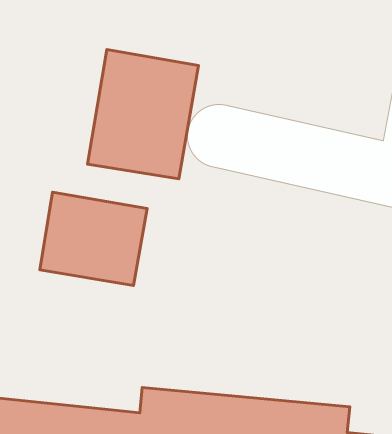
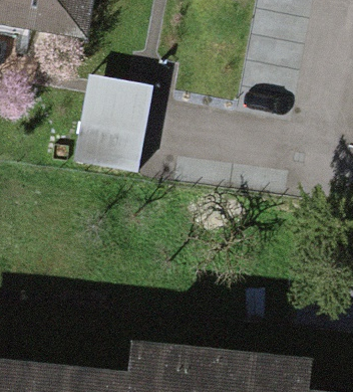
building: [40,192,147,286] -> none

